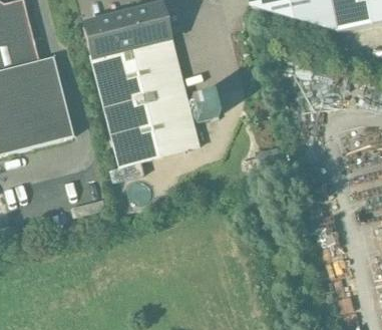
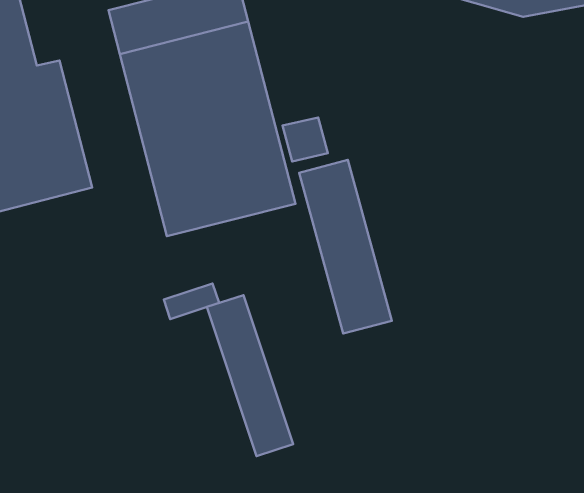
building: none -> [299,160,392,334]
building: none -> [207,295,293,456]

